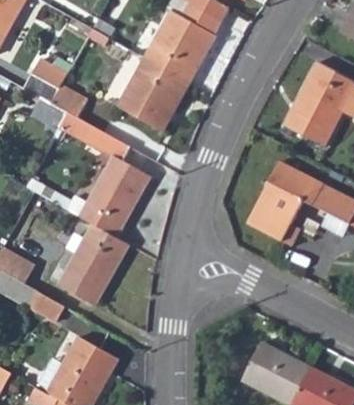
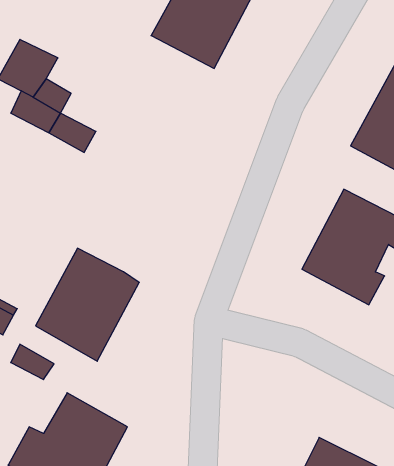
building: [113,49,187,124] -> none
building: [76,147,149,229] -> none

